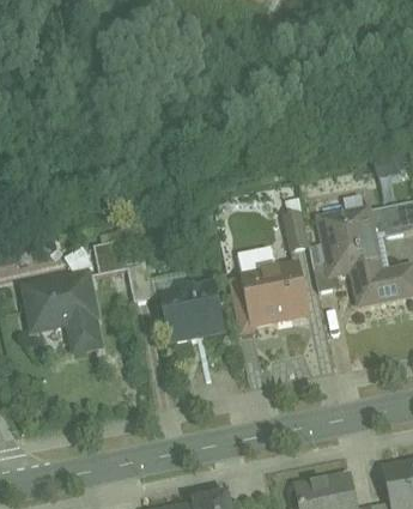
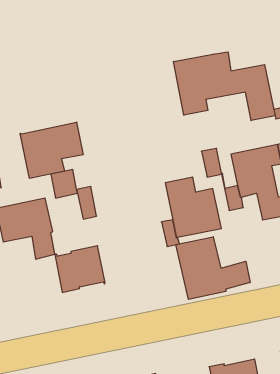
building: none -> [174,52,275,121]
building: none -> [20,122,83,178]
building: [159,283,223,341] -> [55,246,105,292]
building: none -> [176,237,250,299]

